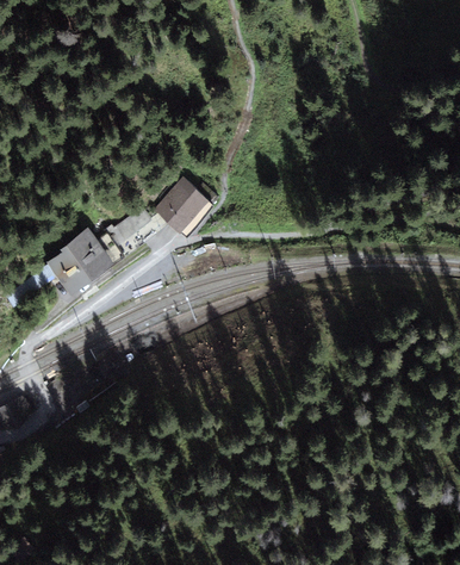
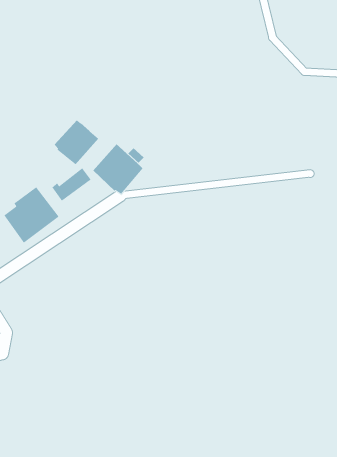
building: none -> [54,120,99,165]

